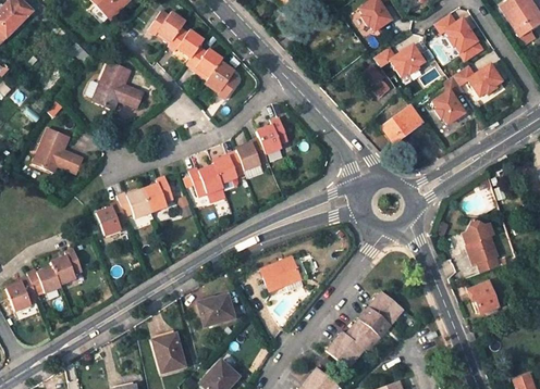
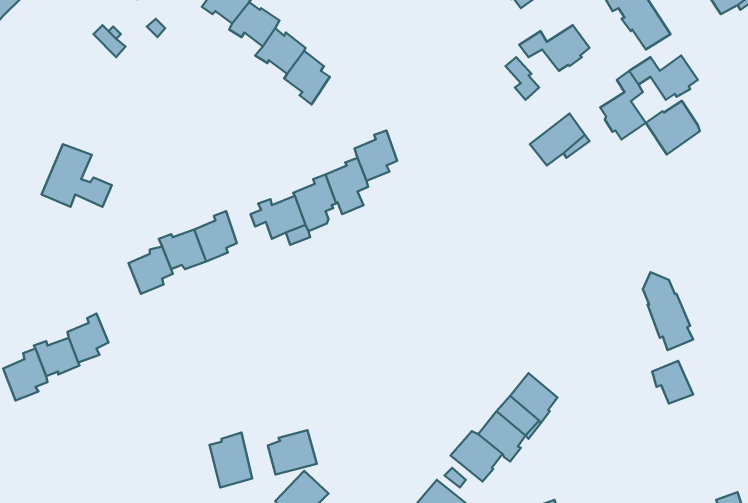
building: [93,60,145,109] -> none
building: none -> [646,101,700,154]
building: [258,258,298,291] -> none
building: [199,293,234,325] -> [268,430,317,475]

